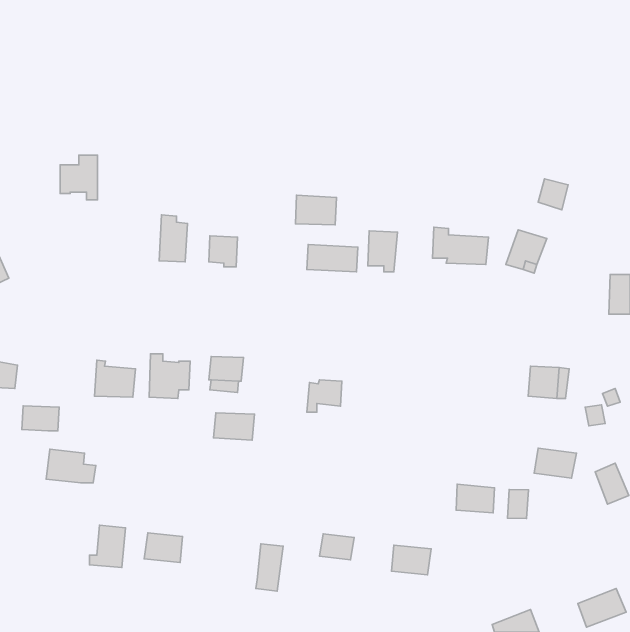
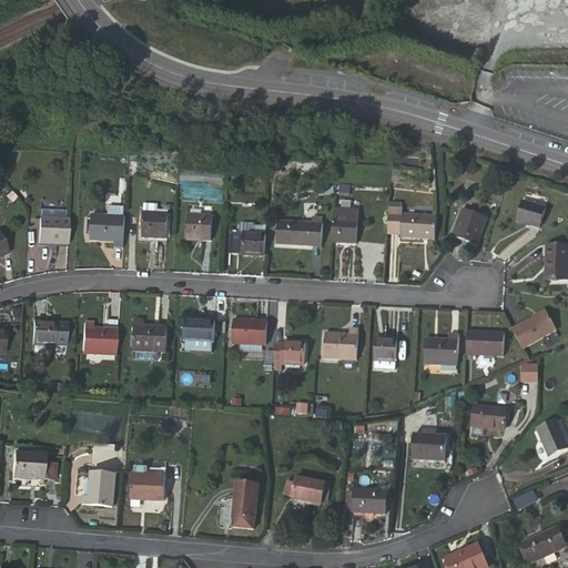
building: [60,155,98,200] -> [91,204,124,244]
building: [538,179,568,210] -> [518,199,545,226]
building: [295,195,336,225] -> [229,226,265,253]
building: none -> [34,204,65,240]
building: none -> [511,312,555,348]
building: none -> [324,323,362,357]
building: none -> [375,334,400,359]
building: none -> [425,334,459,363]
building: [22,406,59,431] -> [36,316,69,338]
building: [214,413,255,440] -> [233,320,270,344]
building: [46,449,96,483] -> [9,453,53,483]
building: [507,490,528,518] -> none

